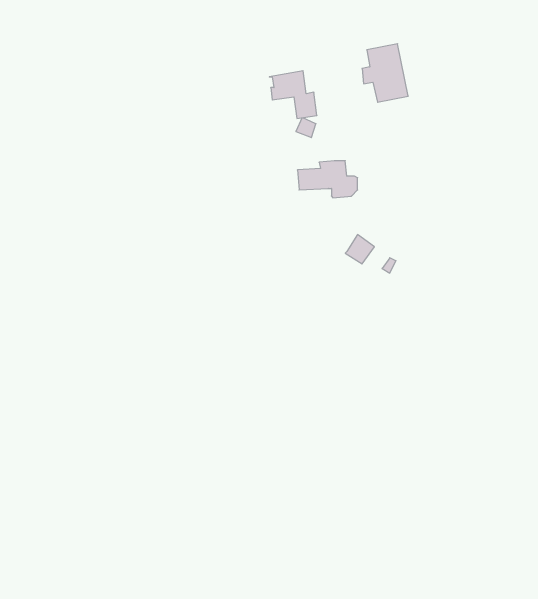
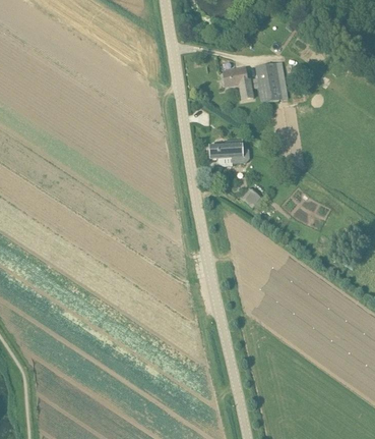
building: [269,71,317,118] -> [223,68,254,100]

